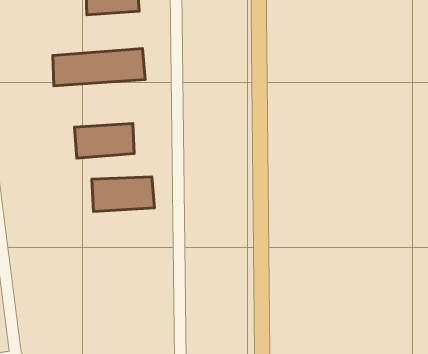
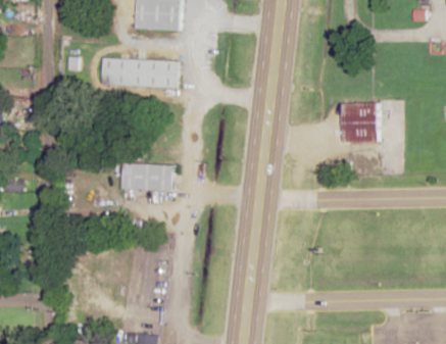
building: none -> [341,102,379,144]
building: [74,124,134,158] -> none

